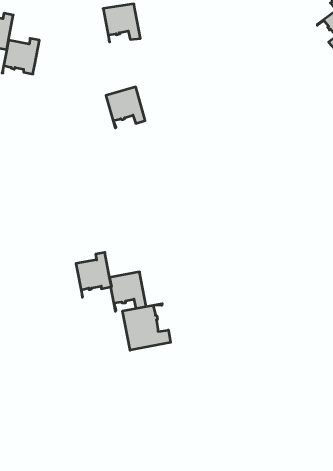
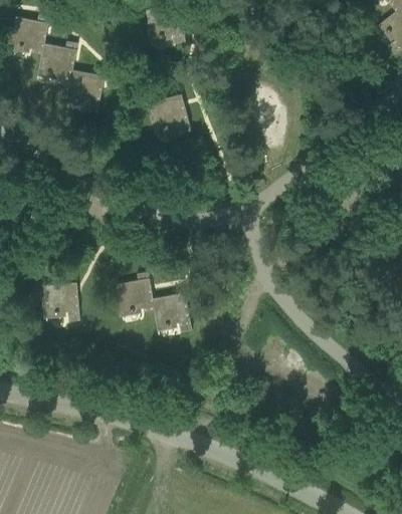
building: none -> [62,71,103,114]
building: none -> [41,284,78,323]
building: [123,304,171,350] -> none

